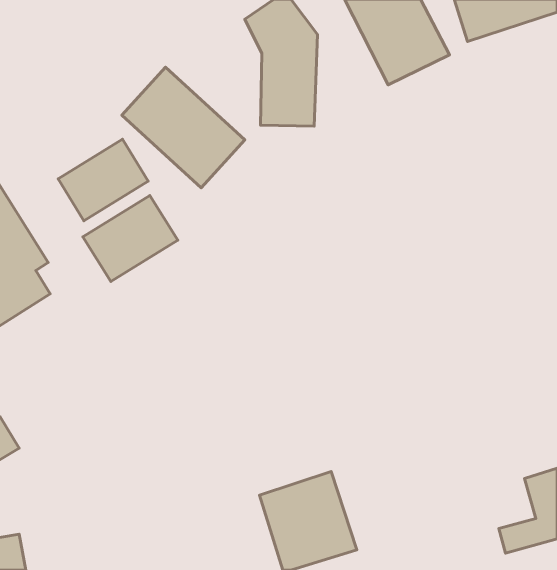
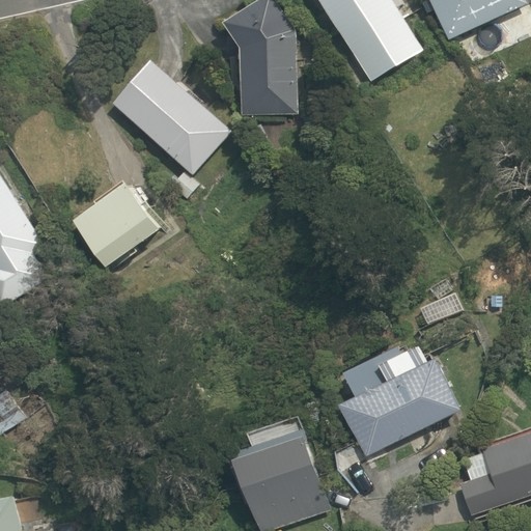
building: [58,139,148,221] -> none
building: none -> [339,341,466,453]

